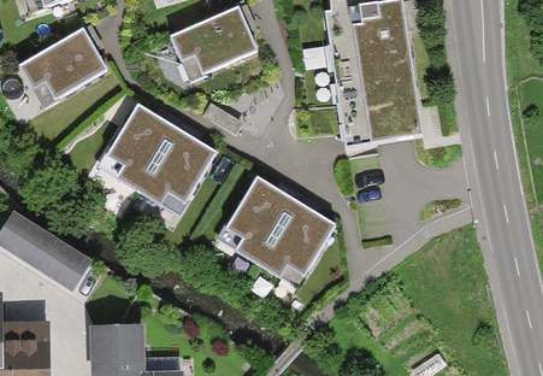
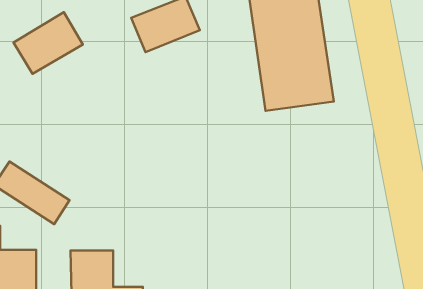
building: [99,101,216,212] -> none
building: [217,175,335,286] -> none

